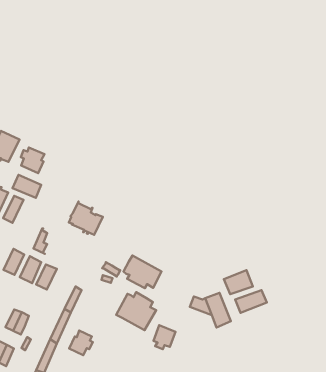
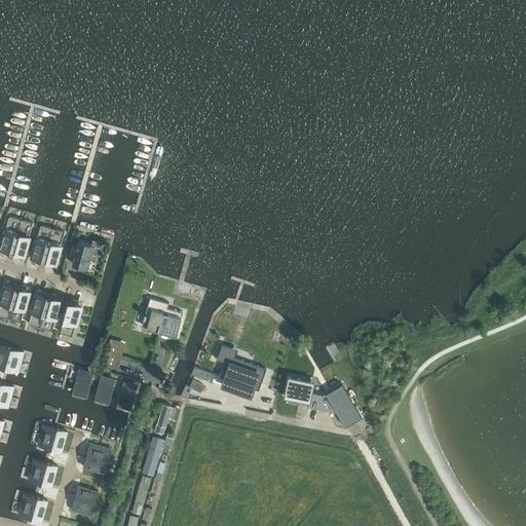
building: [12,175,41,198] -> none
building: [224,270,253,294] -> none
building: [235,290,267,313] -> none
building: [116,292,156,330] -> none
building: [153,325,176,349] -> [284,377,309,406]
building: [69,330,93,355] -> none

